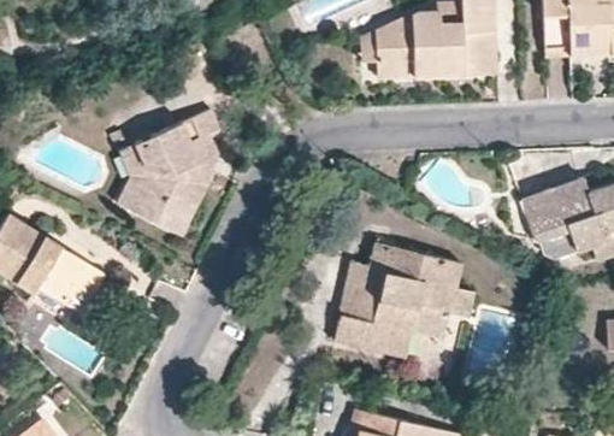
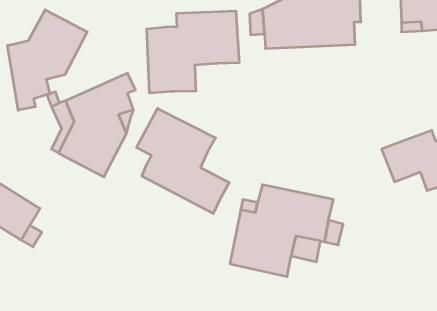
building: none -> [8,10,87,110]
building: none -> [147,11,239,93]
building: none -> [137,108,229,214]

